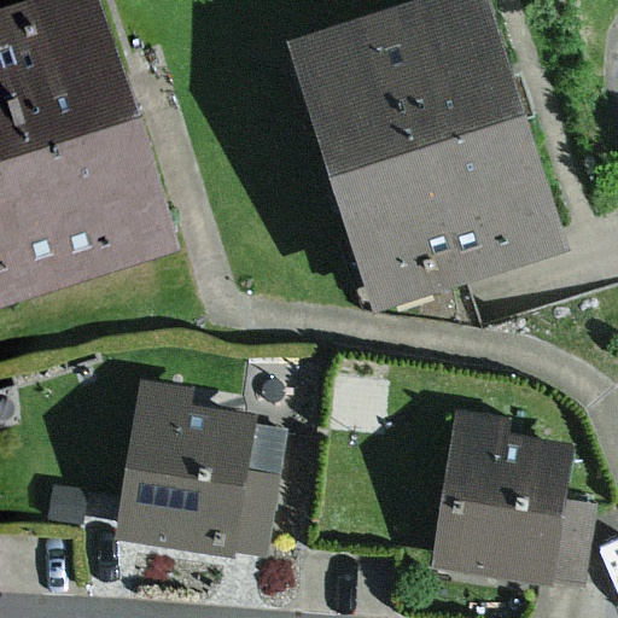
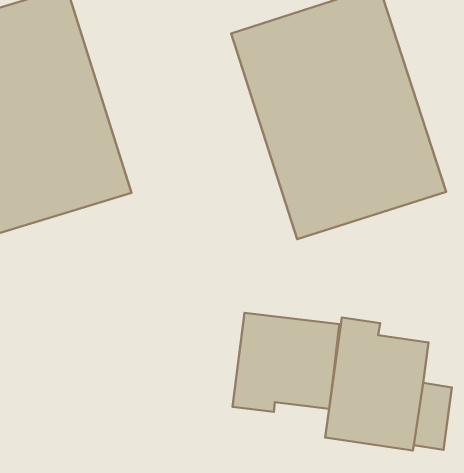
building: [111,381,275,556] -> none
building: none -> [232,313,339,412]

